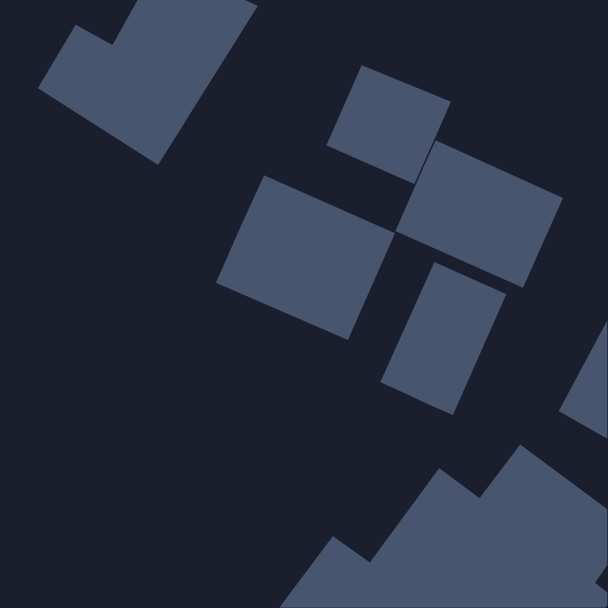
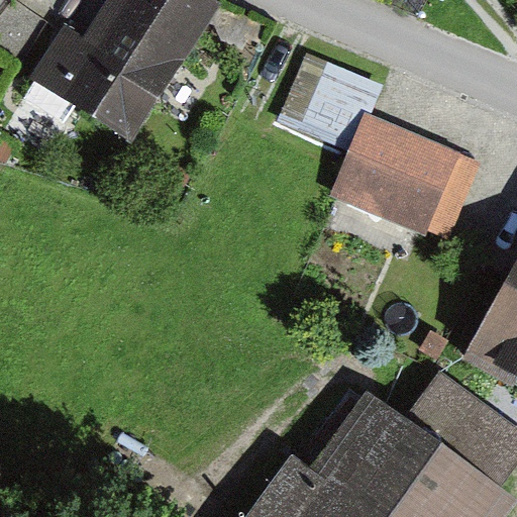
building: [215,174,396,341] -> none
building: [380,261,507,416] -> none

